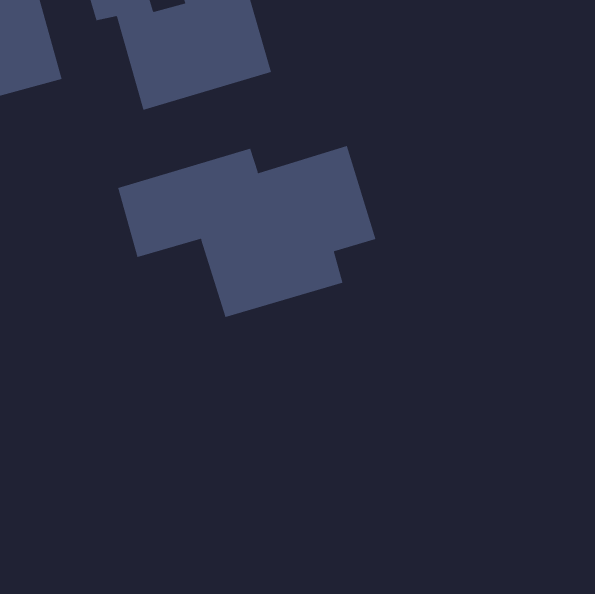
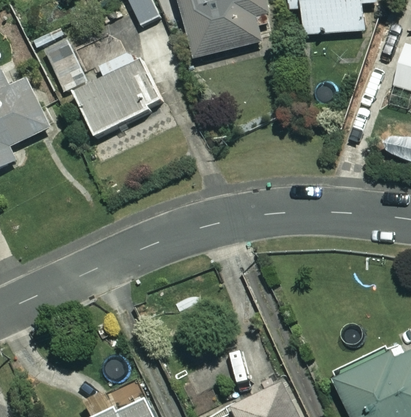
building: [118,145,376,318] -> none

